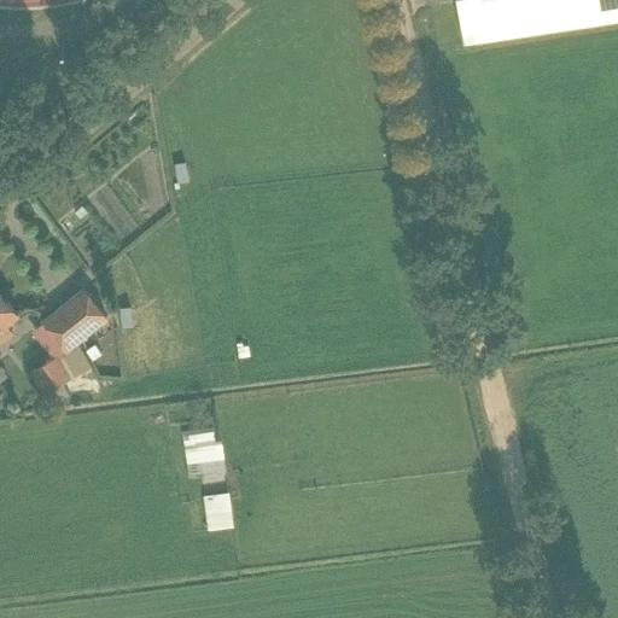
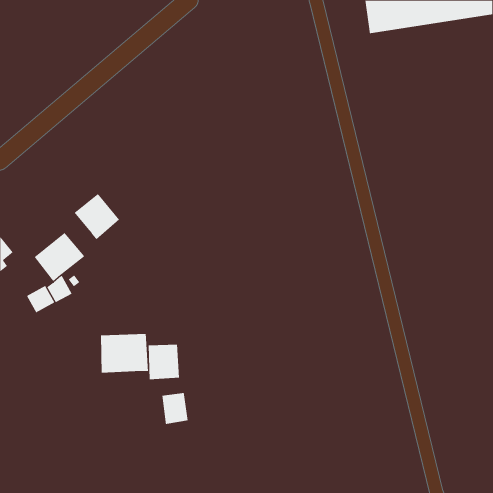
building: none -> [74,193,120,240]
building: none -> [101,333,149,374]

